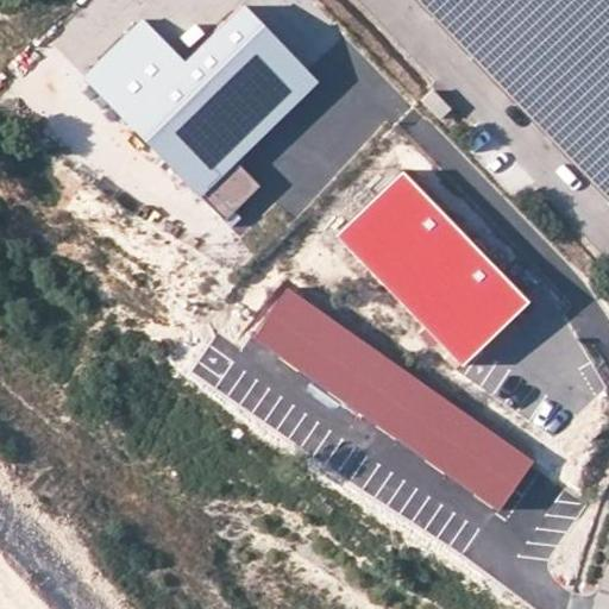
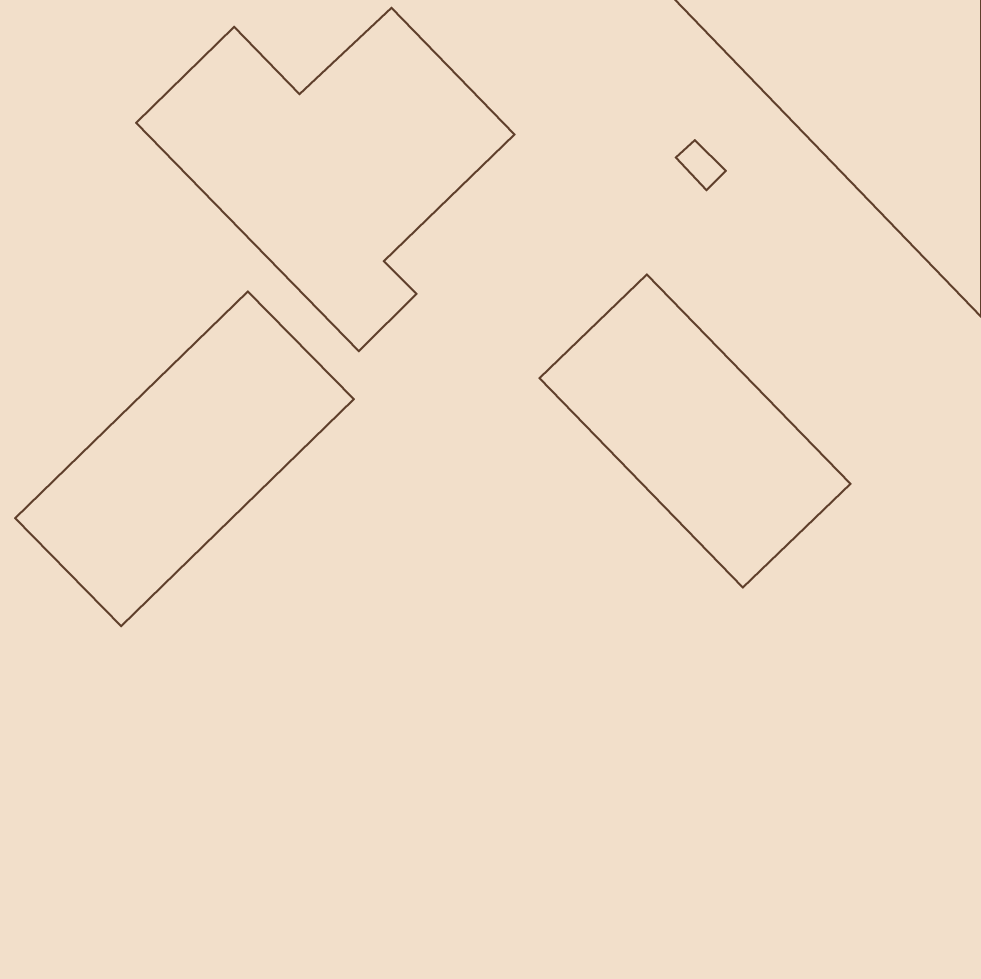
building: none -> [15,291,354,626]
building: [252,287,533,509] -> none

